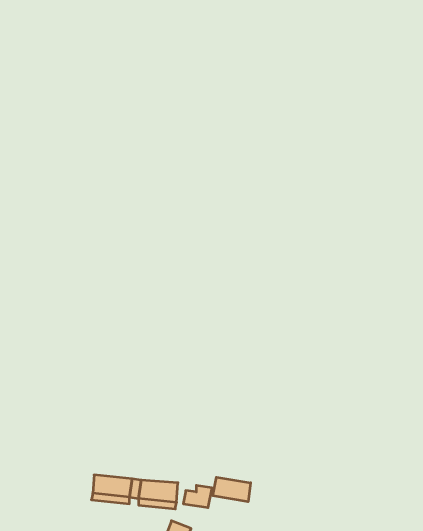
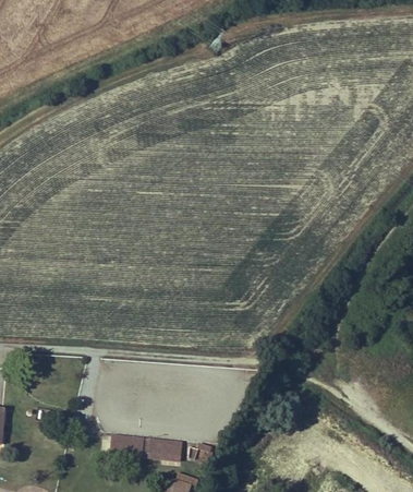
building: [213,477,251,502] -> none

